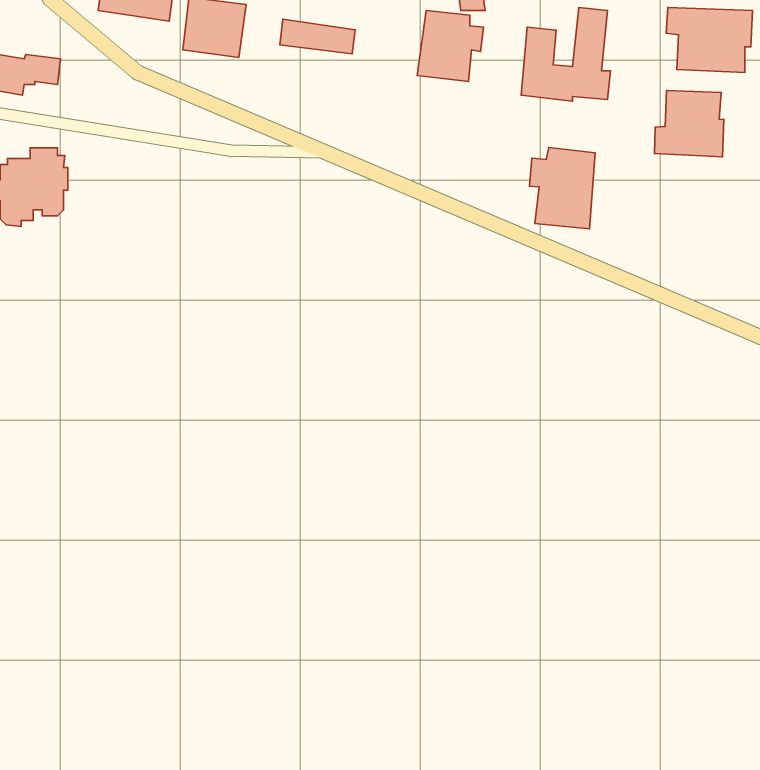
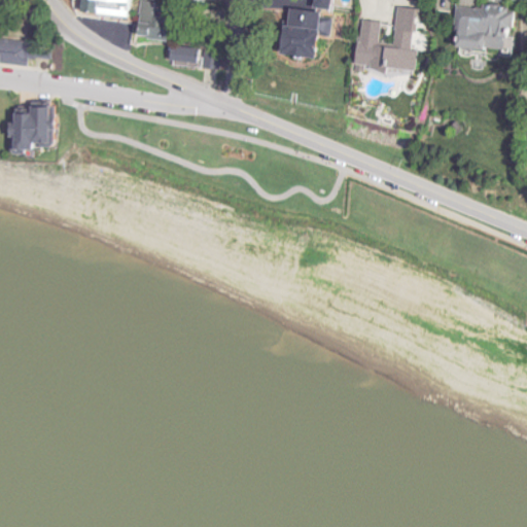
building: [280,19,355,54] -> [157,43,209,67]
building: [654,91,724,157] -> none
building: [529,148,595,229] -> none

